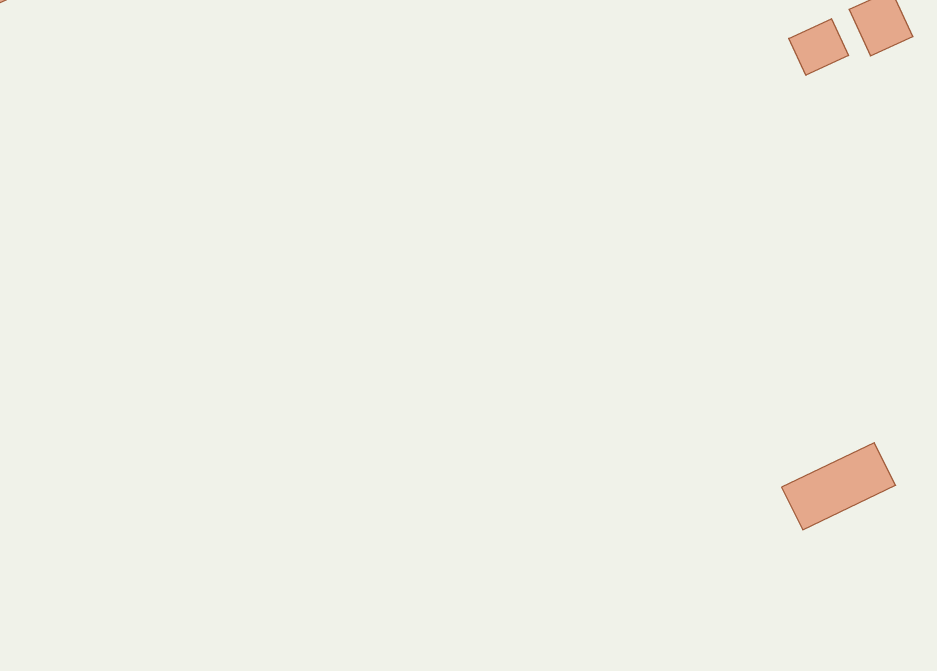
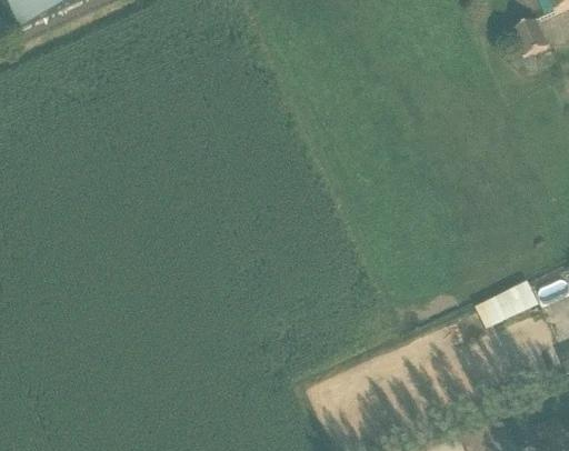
building: [789,19,848,75] -> none

